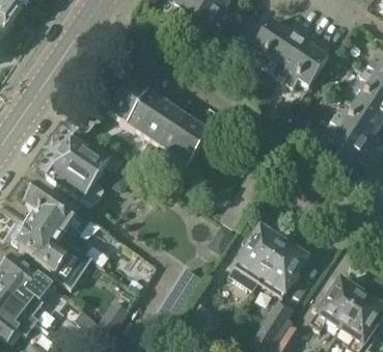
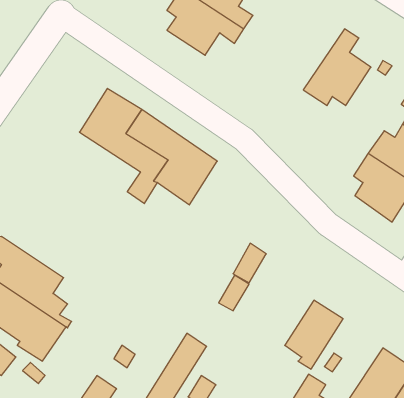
building: [252,19,308,75] -> none
building: [46,131,126,205] -> none
building: [229,225,284,289] -> none

